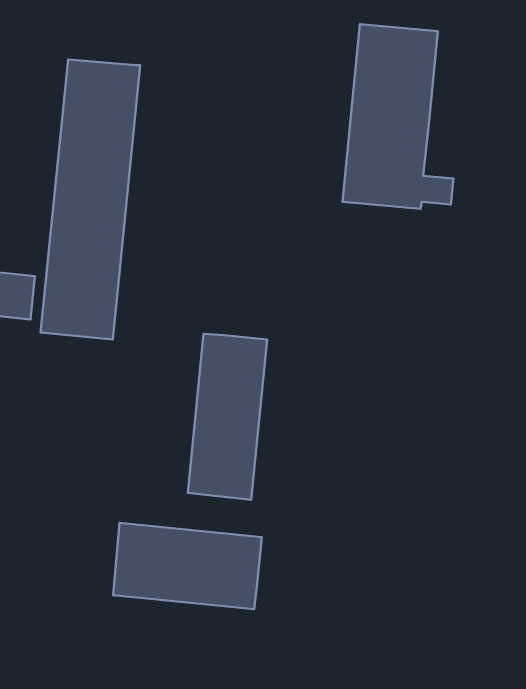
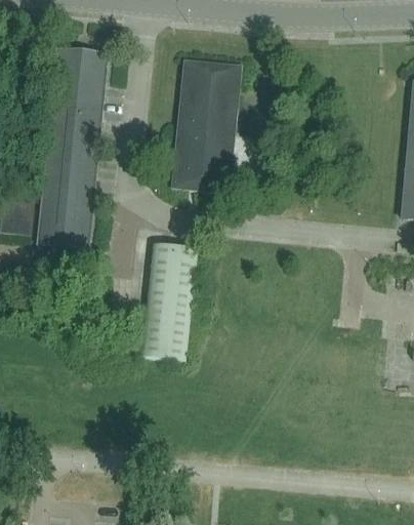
building: [343,24,454,209] -> [171,59,250,191]
building: [113,523,262,609] -> none

